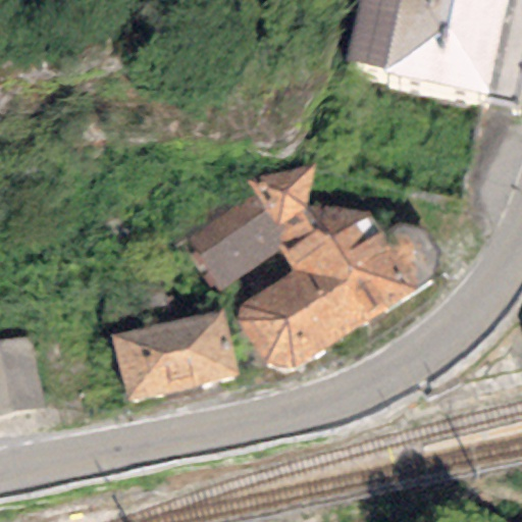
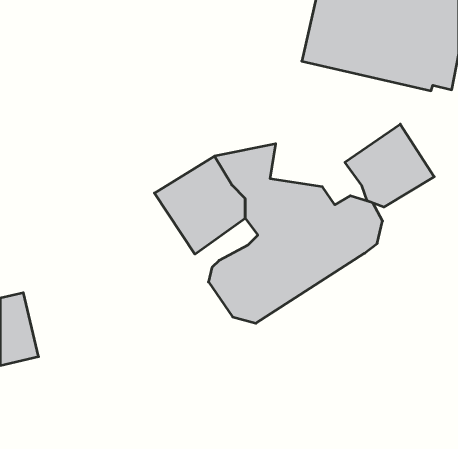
building: none -> [345,124,434,207]
building: [111,310,239,401] -> none

